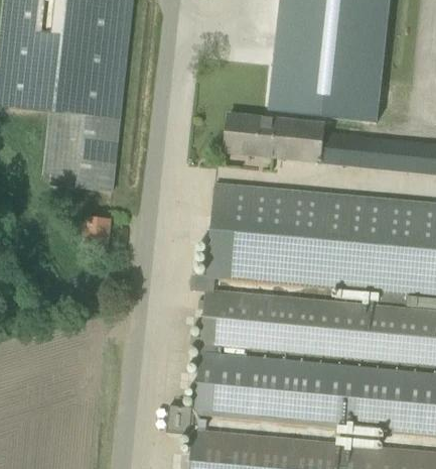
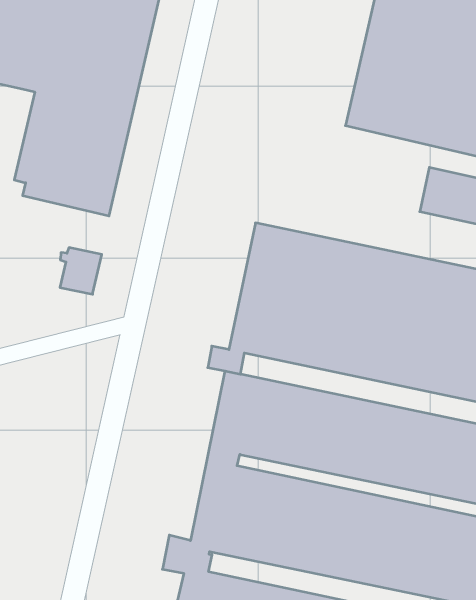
building: [226,112,325,160] -> none

